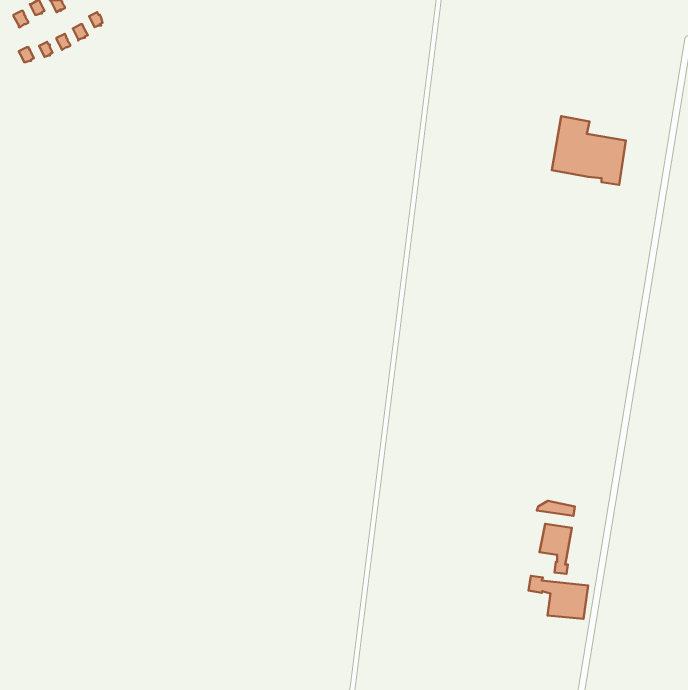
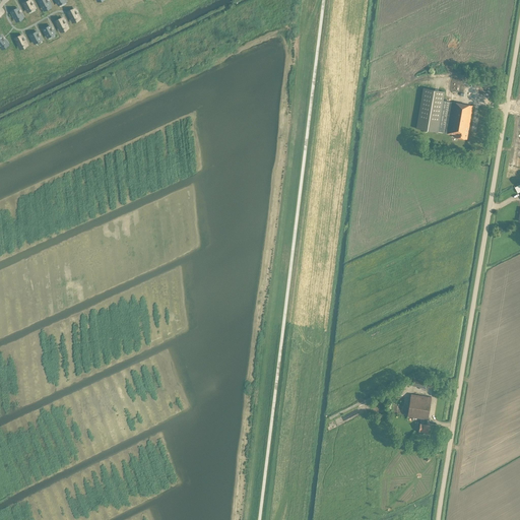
building: [528,576,588,619] -> none

